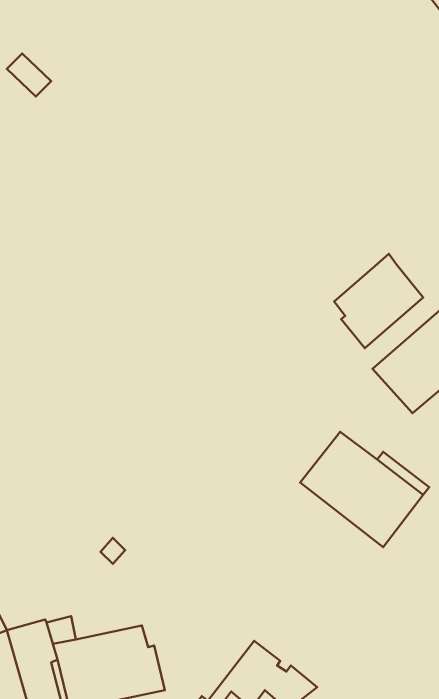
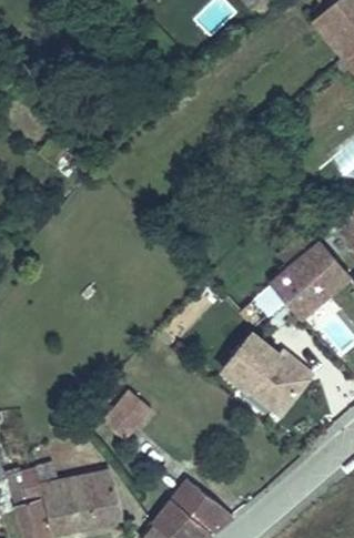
building: [334,254,423,348] -> none
building: none -> [104,390,152,439]

